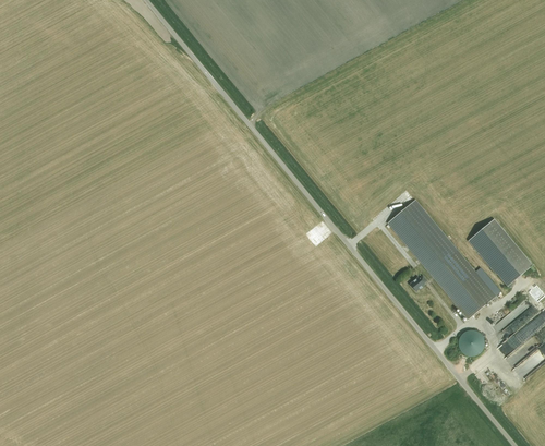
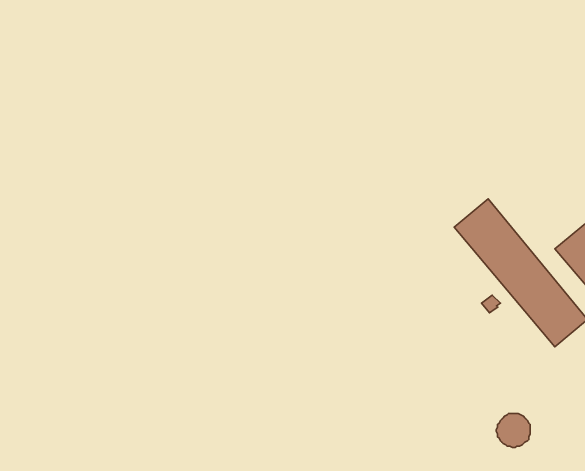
building: [457,329,484,357] -> [496,414,530,448]

